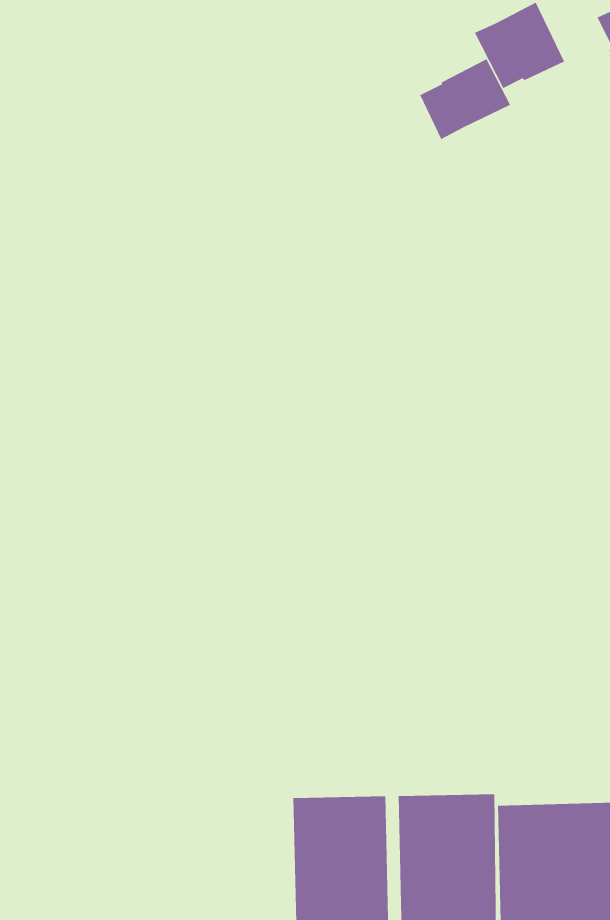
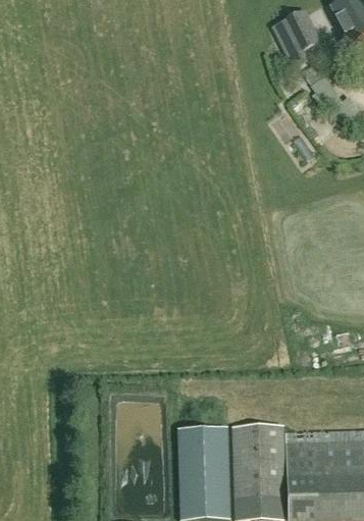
building: [419,58,511,140] -> none

